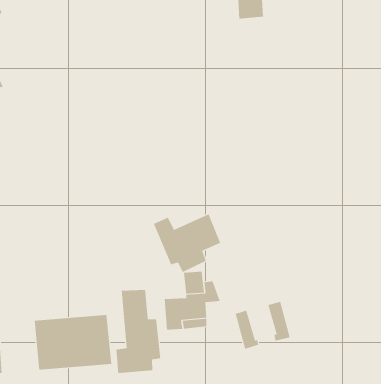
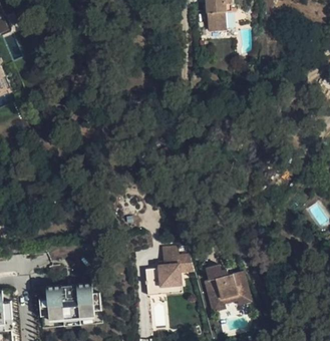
building: [153,214,221,273] -> none
building: [116,289,161,374] -> none
building: none -> [206,265,239,303]

